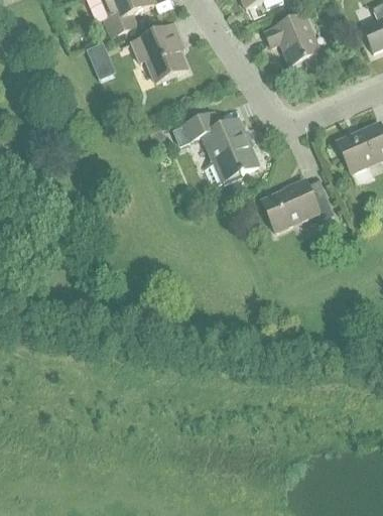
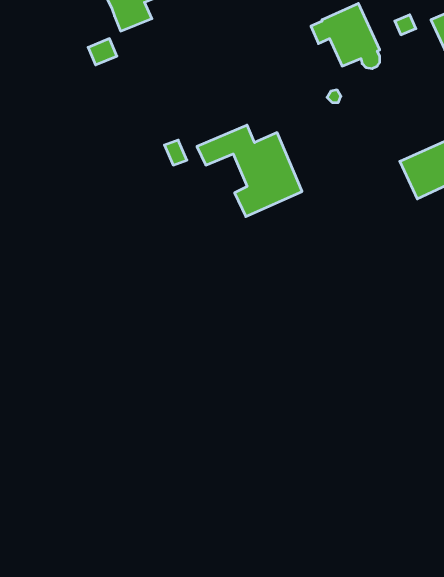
building: [131,23,187,82] -> none
building: [261,179,334,231] -> none

